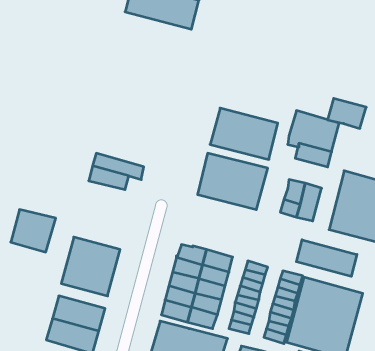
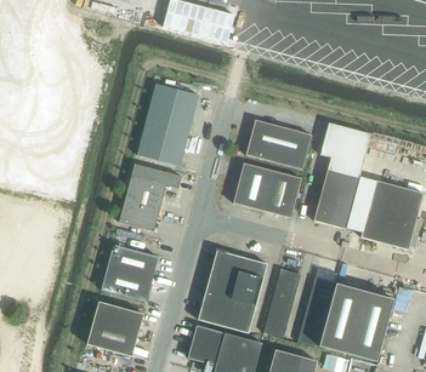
building: none -> [137,82,198,165]
building: [327,98,366,128] -> [322,167,359,196]
building: [11,210,56,252] -> [119,189,163,230]
building: [296,240,357,276] -> none

